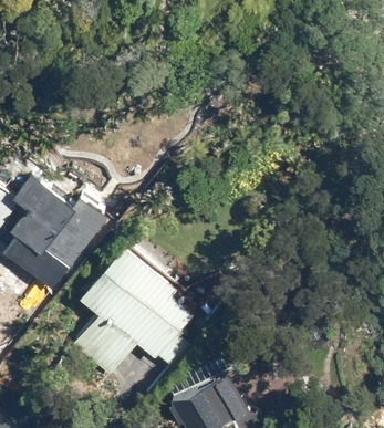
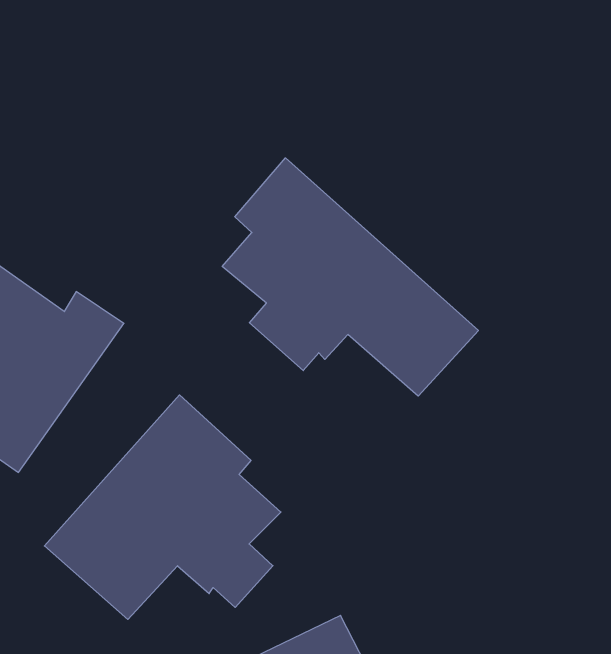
building: none -> [222,158,478,396]

